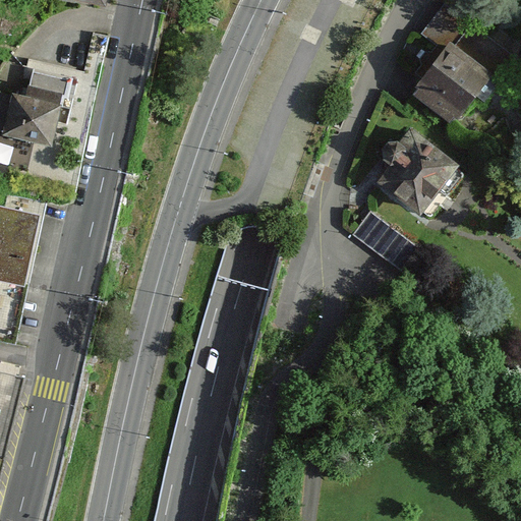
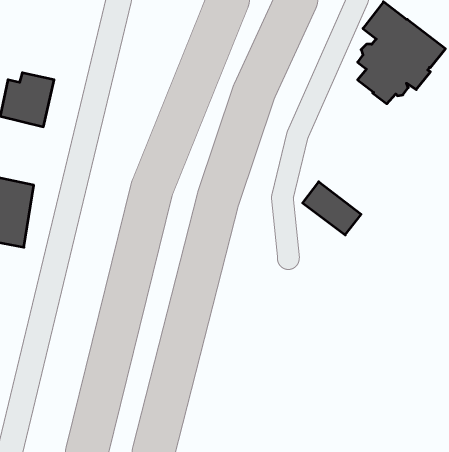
building: [364,131,458,233] -> none

